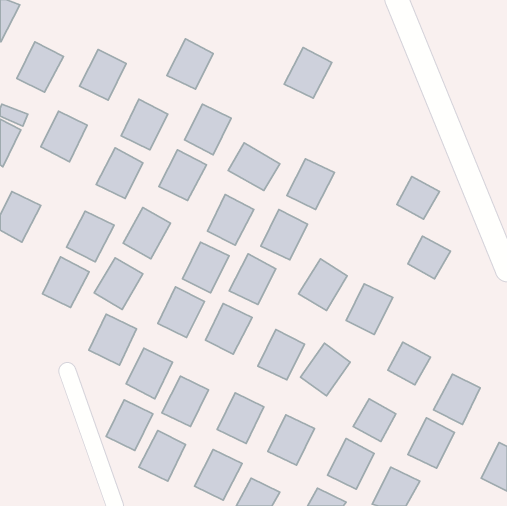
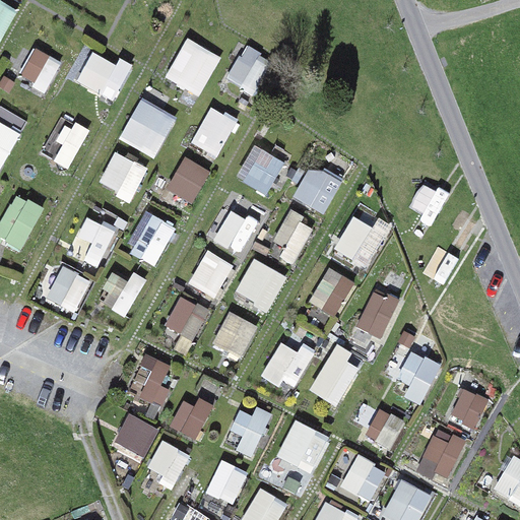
building: [284,48,332,98] -> [226,44,275,95]
building: none -> [337,214,385,266]
building: [89,314,137,365] -> none

